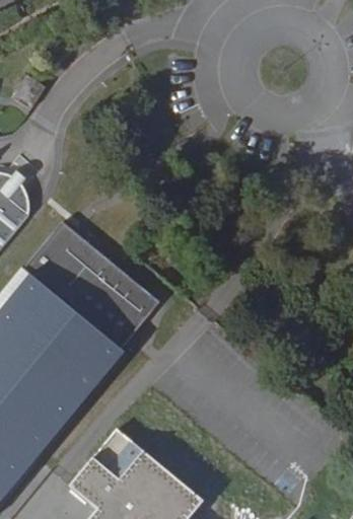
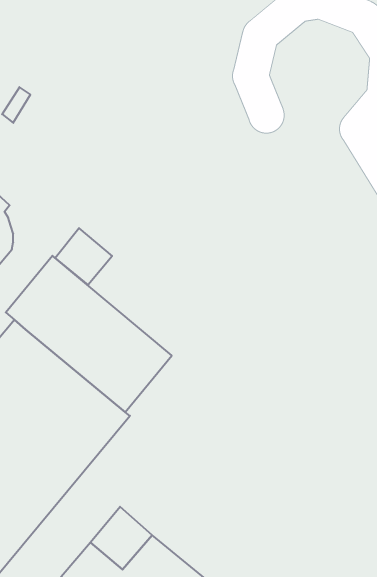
building: none -> [55,228,112,285]

